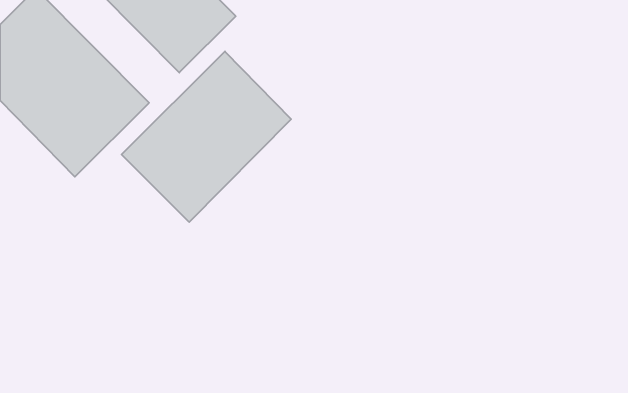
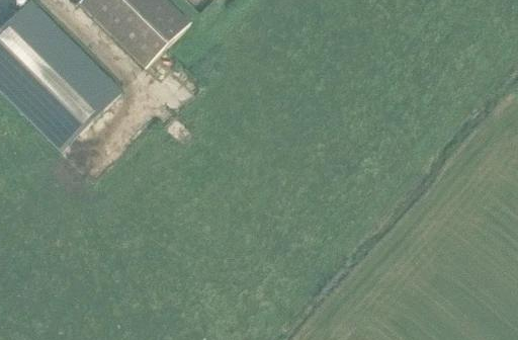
building: [122,51,291,222] -> none

